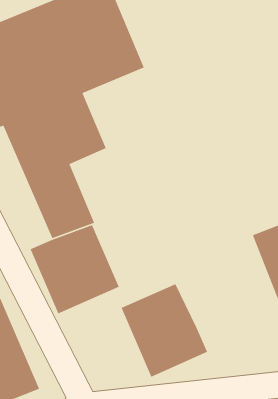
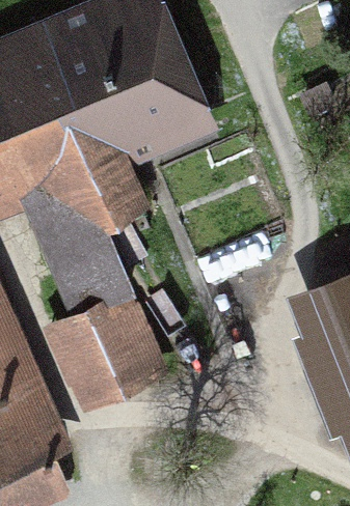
building: [120,283,208,378] -> none

